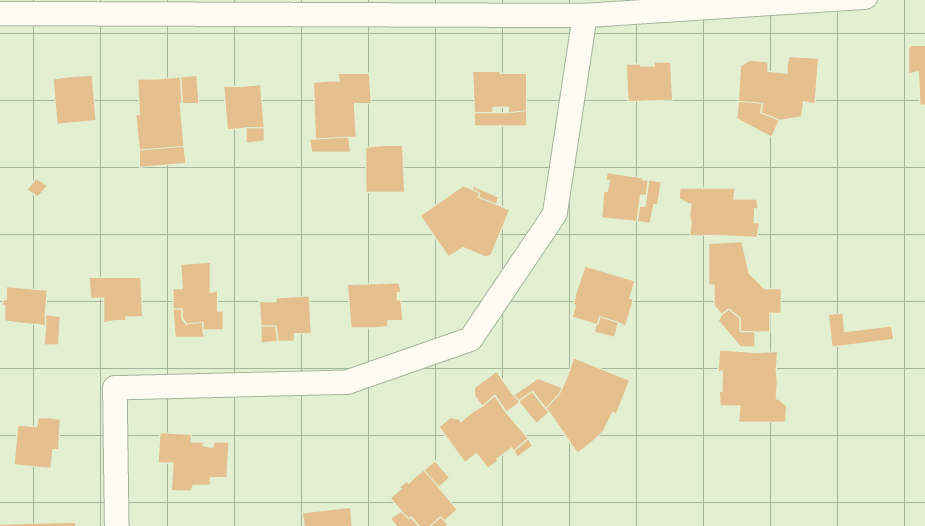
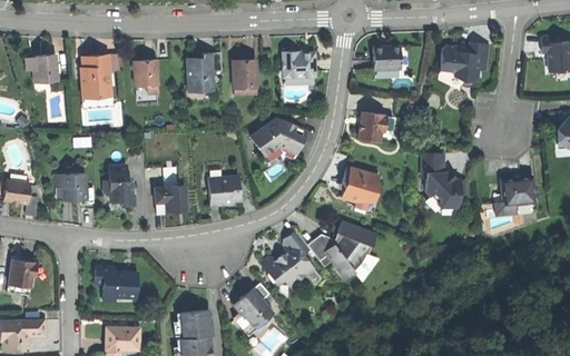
building: [365,146,405,192] -> [233,59,256,87]
building: [679,188,759,237] -> none
building: none -> [500,176,538,206]
building: [718,350,786,422] -> none

